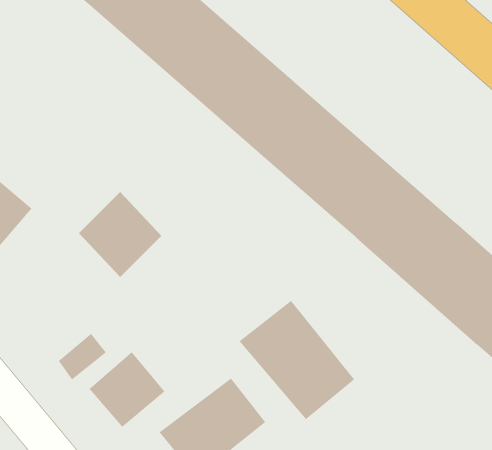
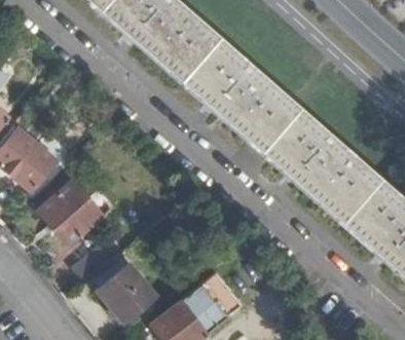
building: [78,191,162,278] -> [39,182,101,245]
building: [239,300,355,420] -> none

